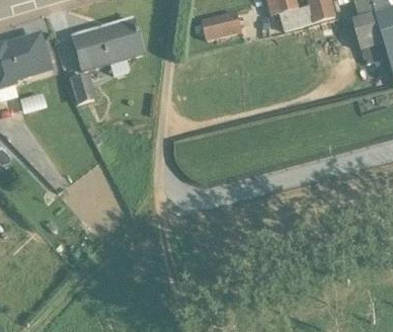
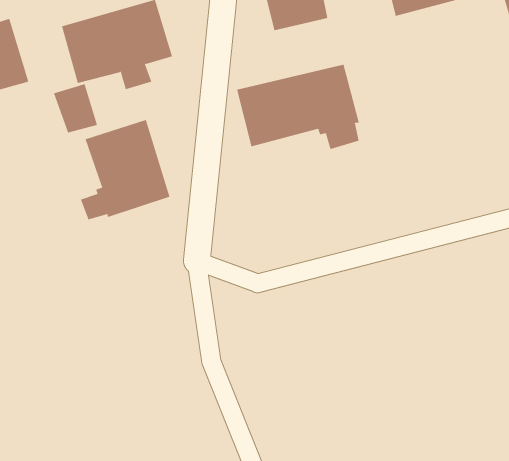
building: none -> [236,64,360,150]
building: none -> [80,119,170,220]

